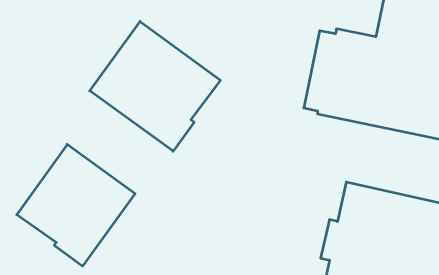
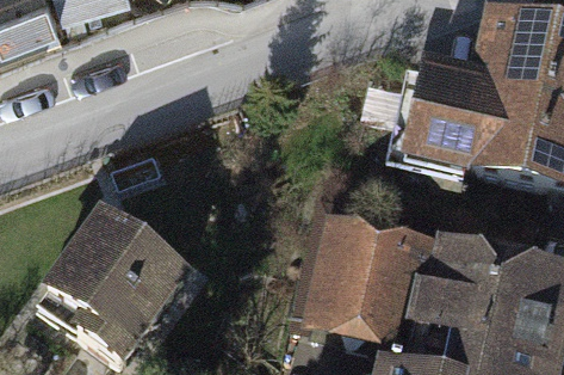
building: [90,21,220,151] -> none
building: none -> [302,214,415,354]

